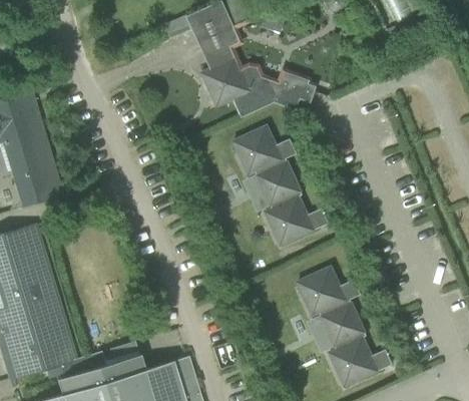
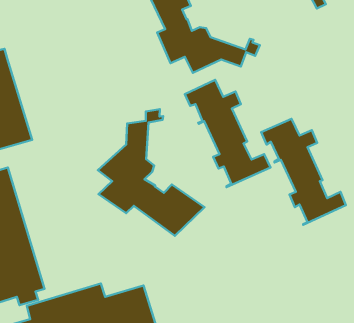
building: none -> [98,109,204,236]
building: [297,268,392,387] -> [261,119,346,225]

